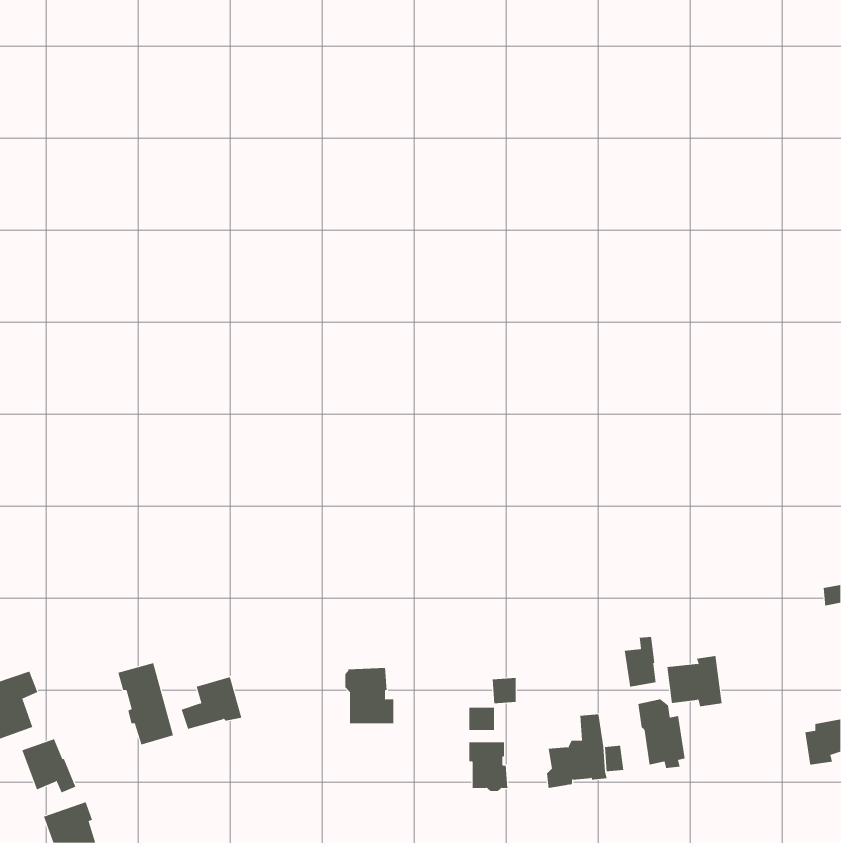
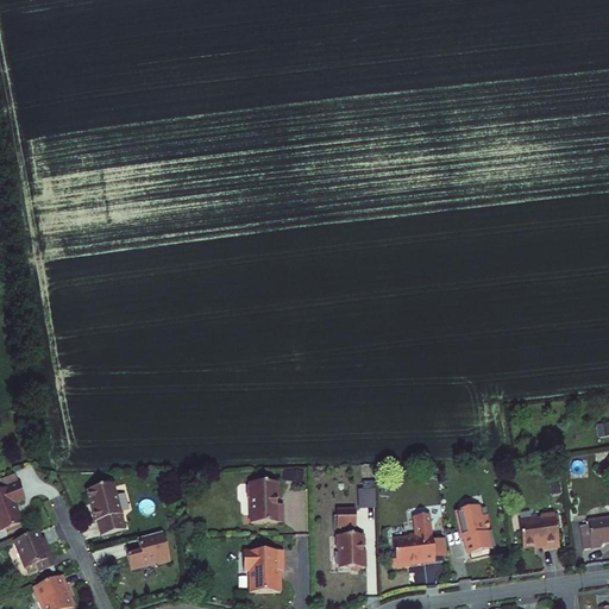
building: [624,636,656,687] -> none
building: [666,655,723,707] -> [516,511,557,548]
building: [181,676,242,729] -> [126,530,170,569]
building: none -> [244,548,284,590]

